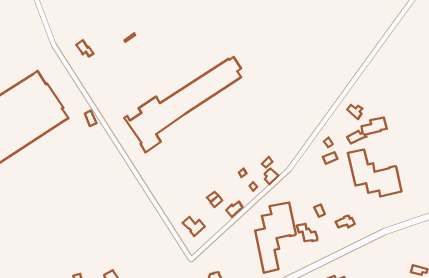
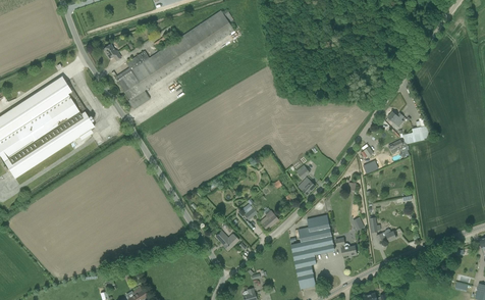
building: [124,57,241,152] -> [110,8,233,109]
building: [348,150,402,196] -> none

